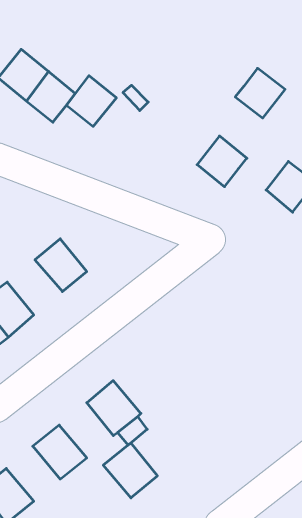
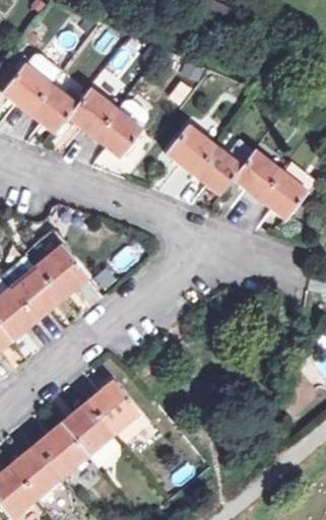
building: [235,68,285,118] -> [233,150,280,198]
building: none -> [93,110,141,157]
building: none -> [167,126,214,174]
building: none -> [11,265,64,318]
building: [103,443,157,498] -> [61,402,113,455]
building: none -> [10,444,62,497]

